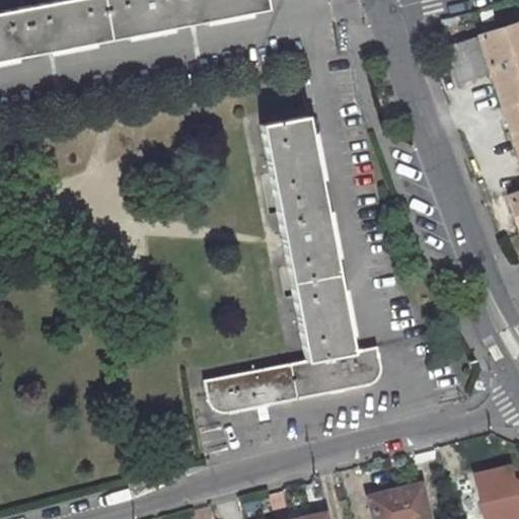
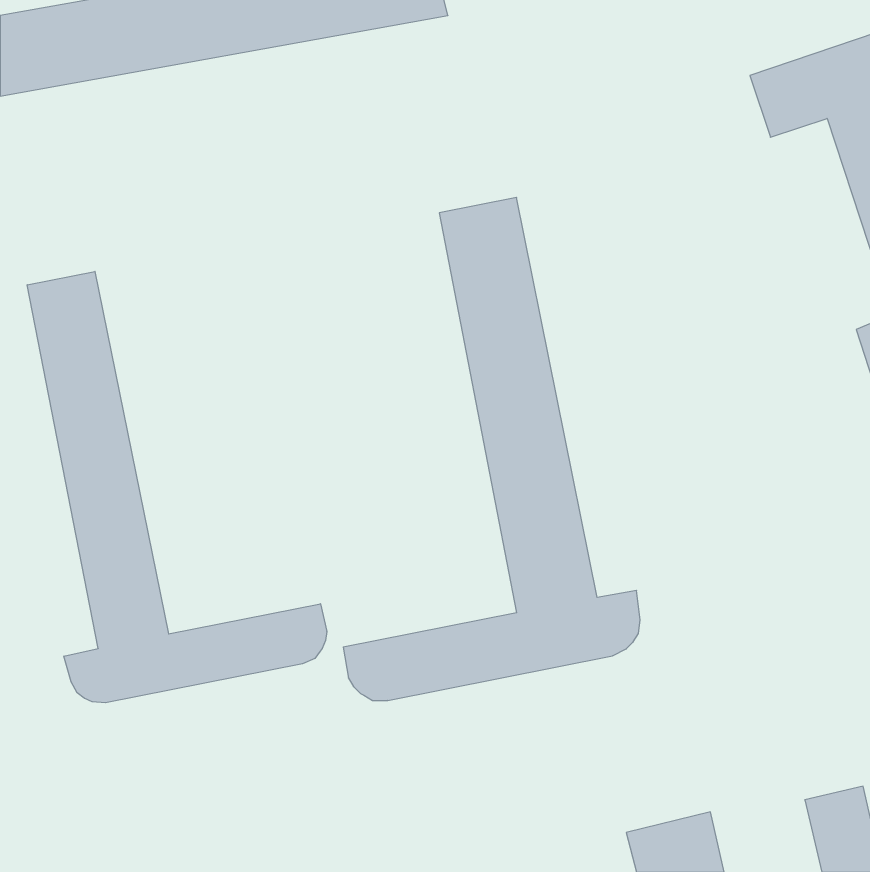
building: none -> [27,271,327,703]

